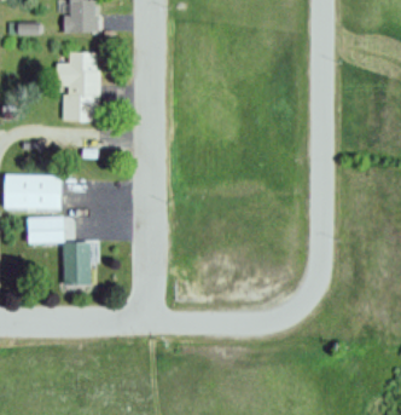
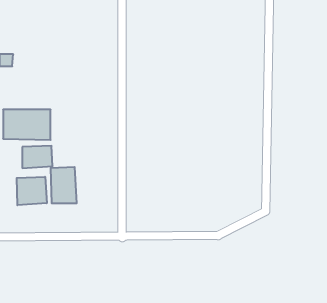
building: [57,52,100,128] -> none
building: none -> [17,177,47,205]

